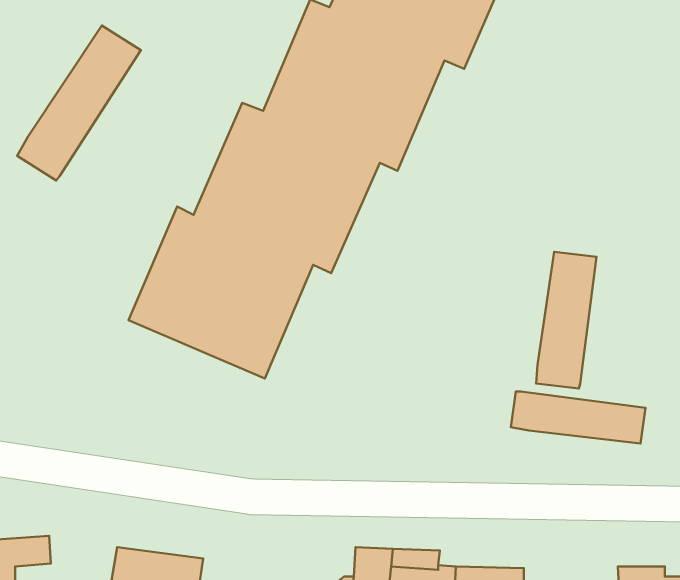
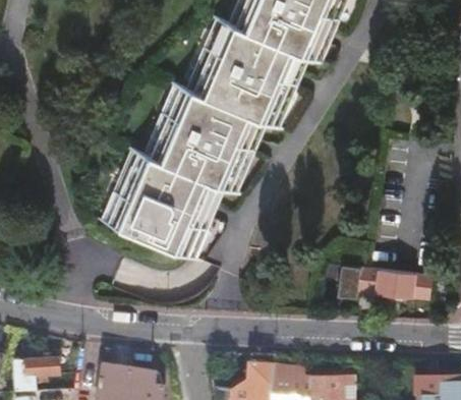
building: [17,26,141,180] -> none
building: [536,252,596,389] -> none

